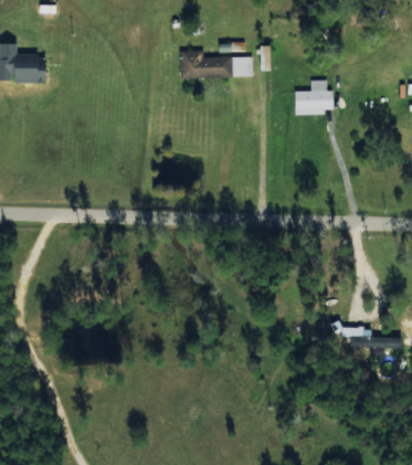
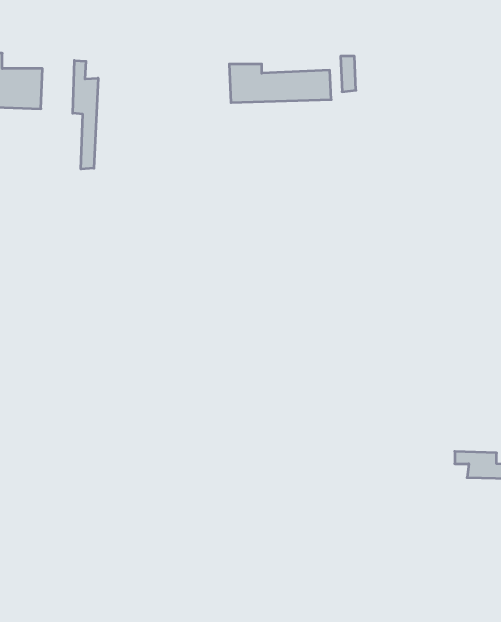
building: none -> [73,60,98,169]
building: [294,80,332,114] -> none

